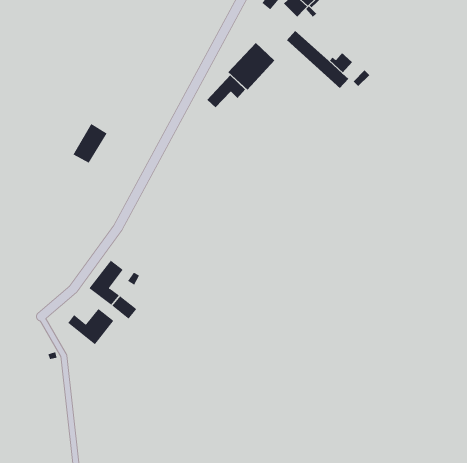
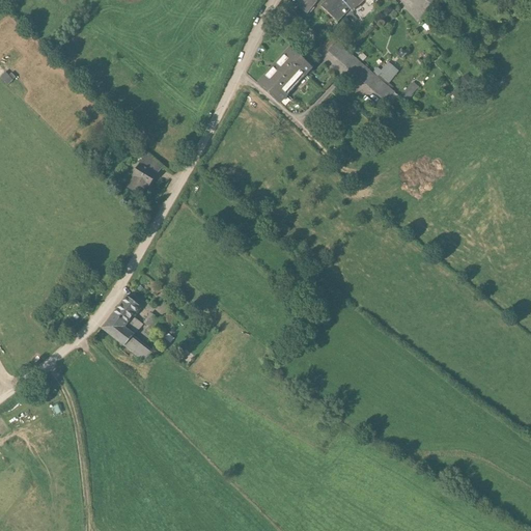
building: [207,75,246,108] -> none
building: [73,123,107,164] -> [124,151,164,197]
building: [67,308,114,345] -> none

